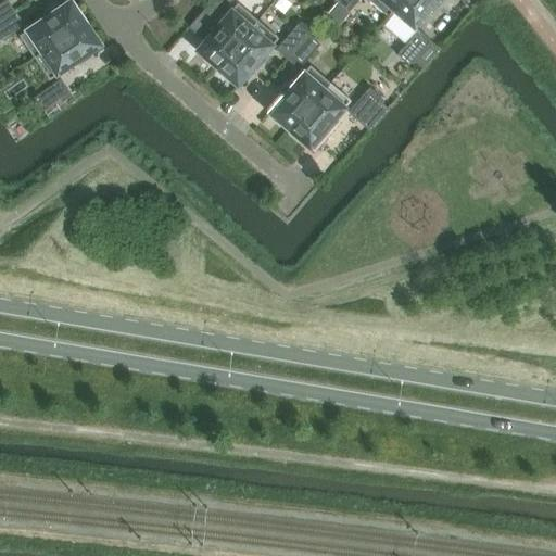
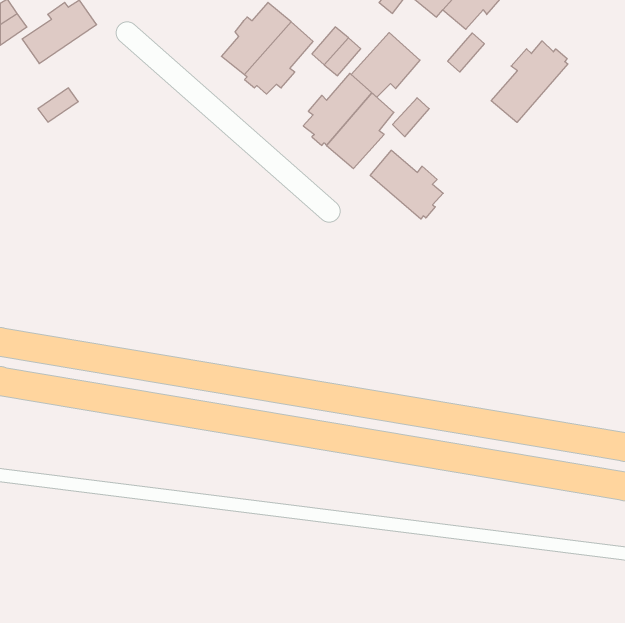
building: [35,22,101,79] -> none
building: none -> [351,33,420,97]
building: none -> [491,41,568,122]
building: none -> [370,150,443,219]

